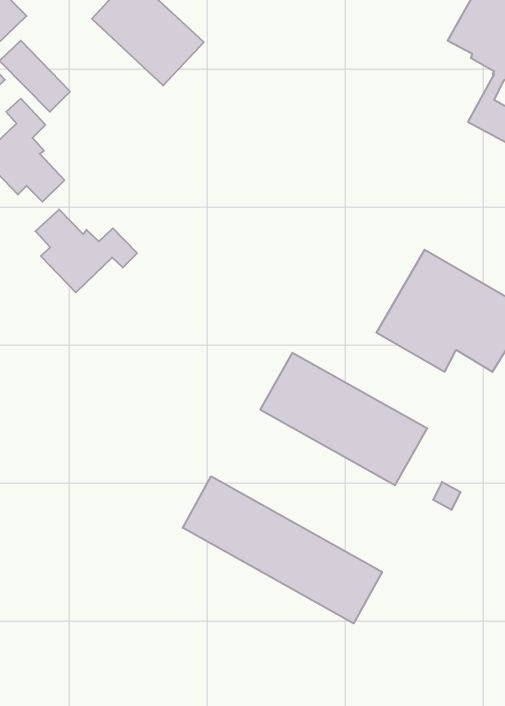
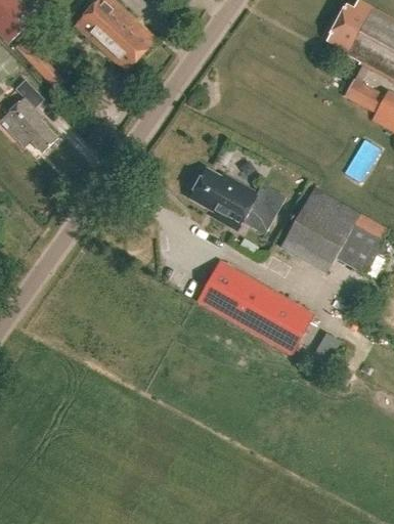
building: [35,209,137,292] -> none
building: none -> [188,167,284,232]
building: [183,476,382,623] -> none

